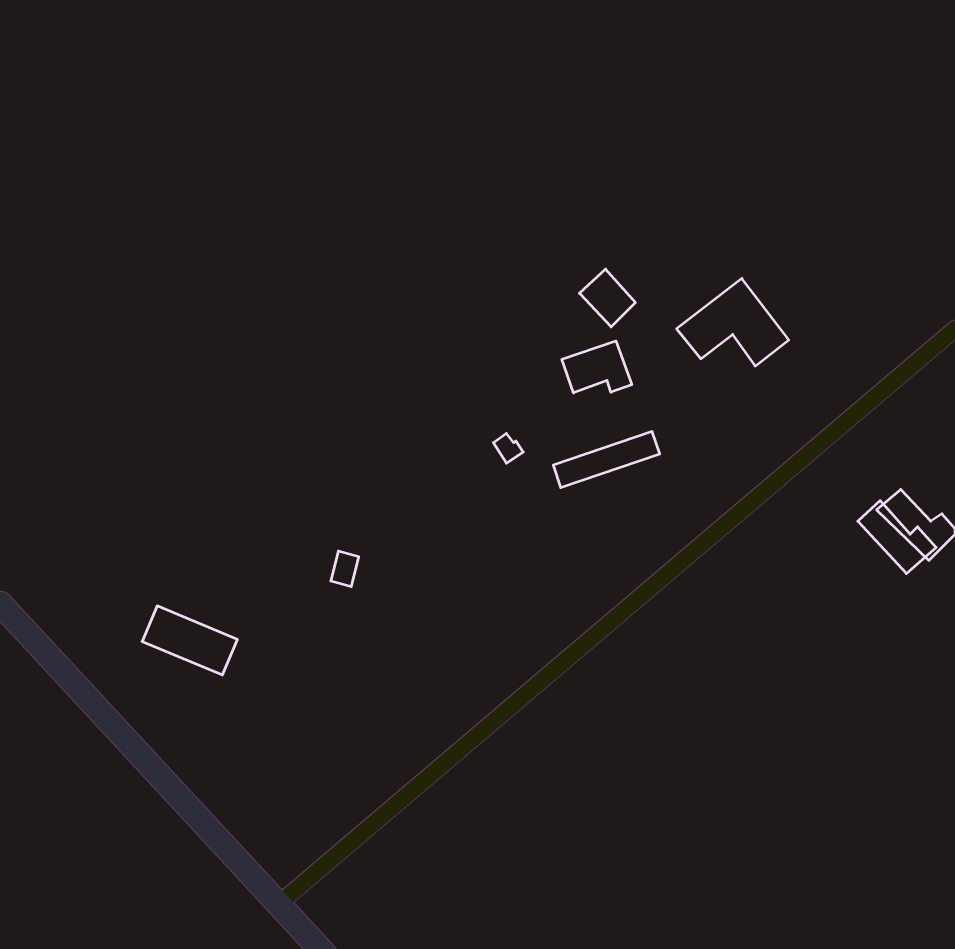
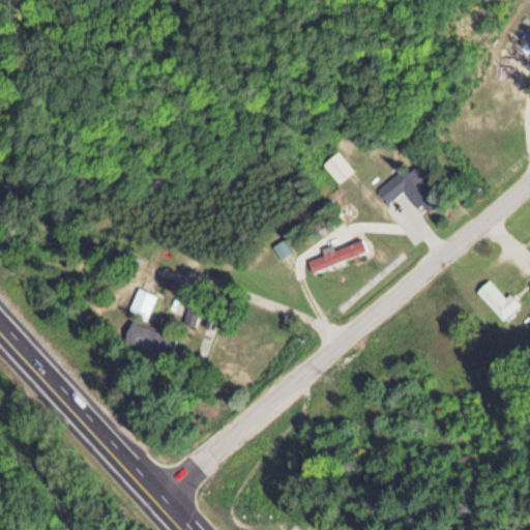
building: [562,341,632,393] -> none
building: none -> [127,289,157,320]
building: [142,606,237,675] -> [122,323,175,361]

